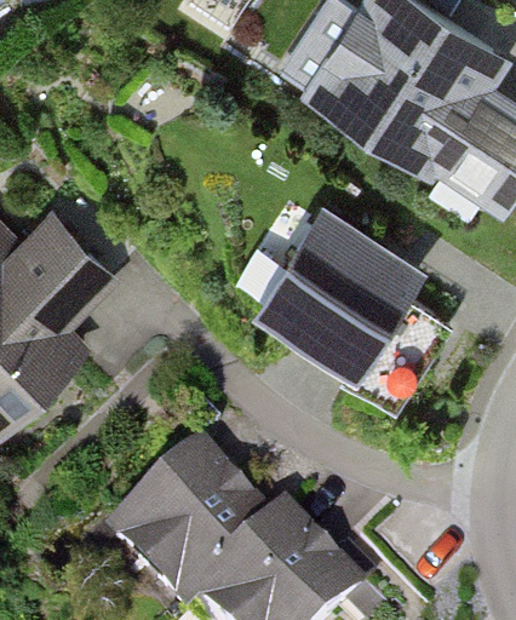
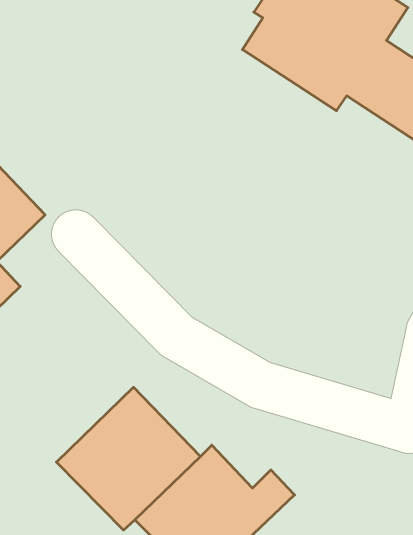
building: [275,209,445,404] -> none

